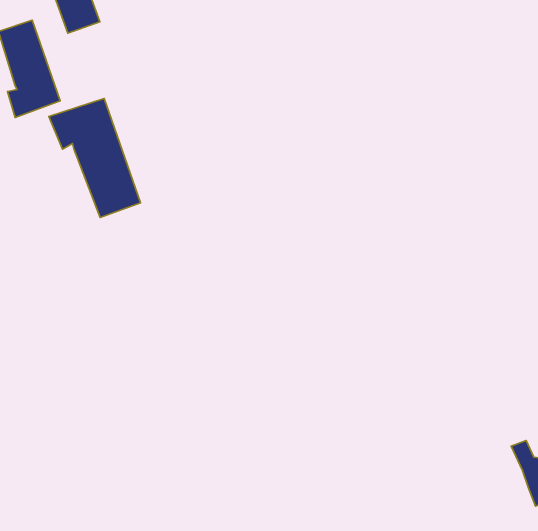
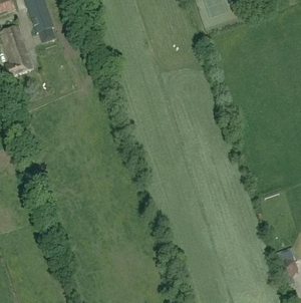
building: [49,99,141,218] -> none

